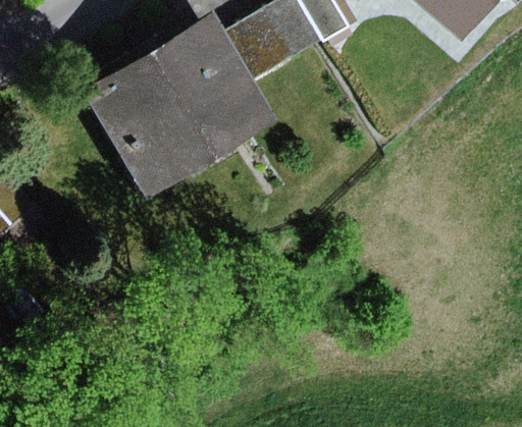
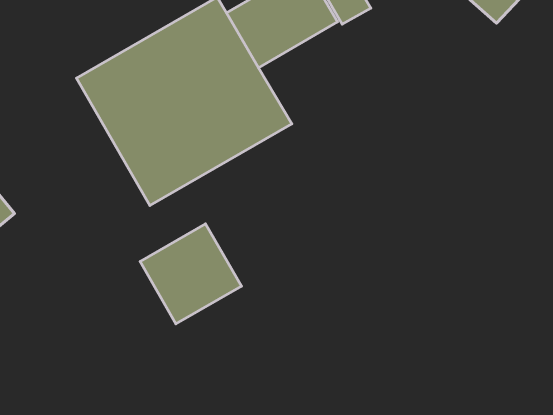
building: none -> [140,224,241,324]

